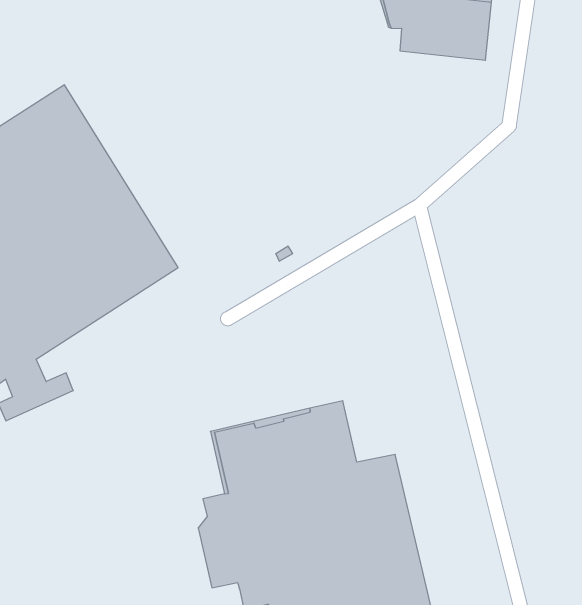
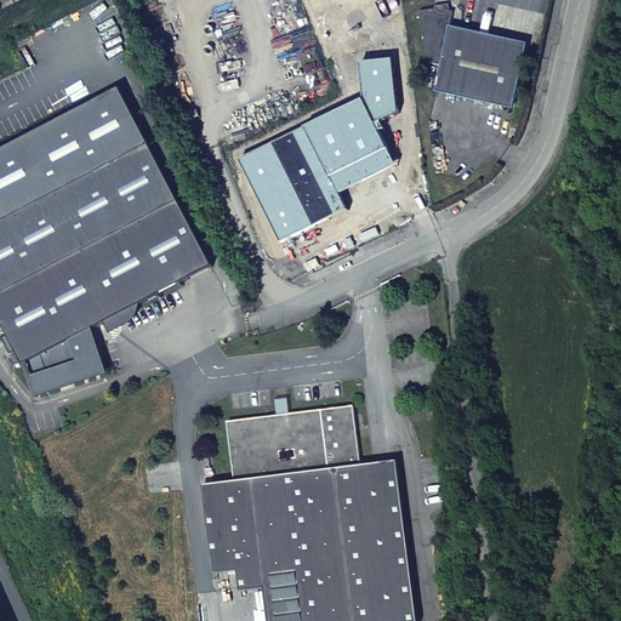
building: none -> [238,58,395,240]

